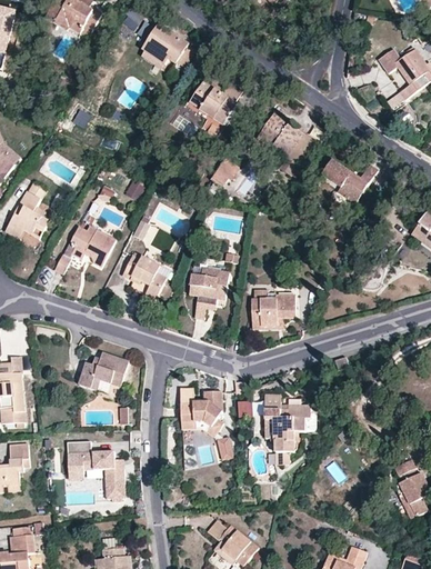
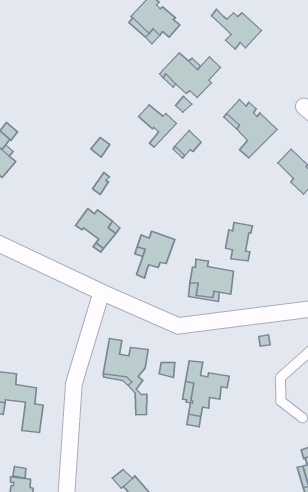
building: none -> [211,9,261,49]
building: none -> [139,105,176,147]
building: [56,224,117,273] -> none
building: none -> [226,222,253,261]
building: [78,352,128,389] -> none

